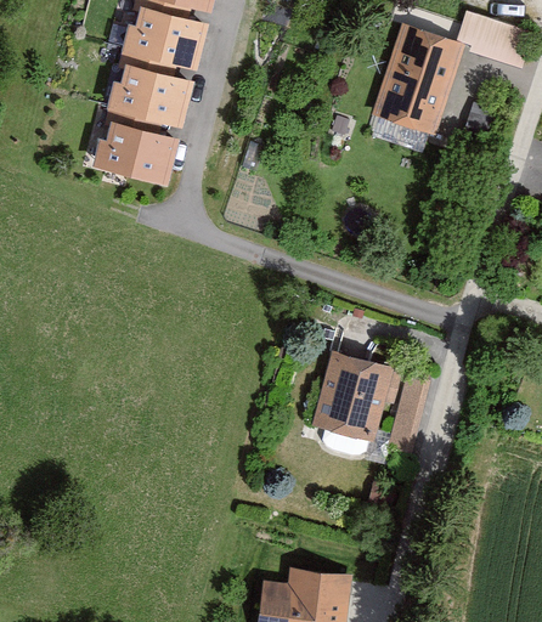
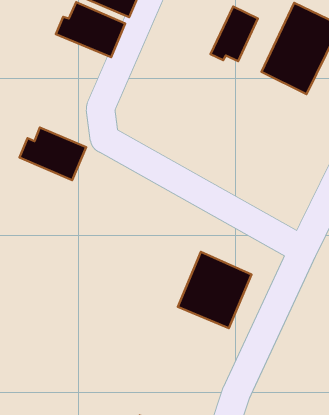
building: none -> [210,6,258,61]
building: [92,124,174,183] -> [20,128,86,180]

